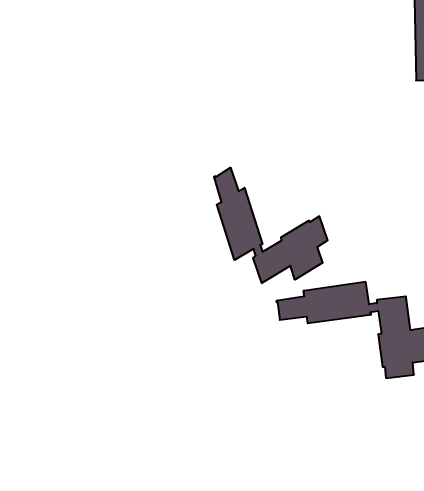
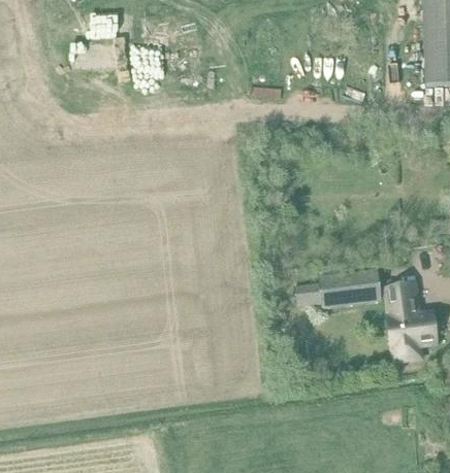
building: [214,168,328,283] -> none

